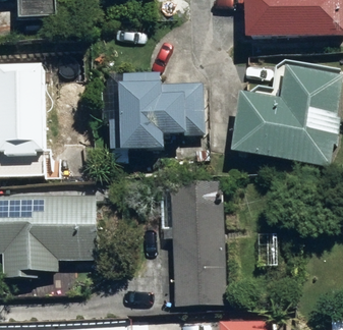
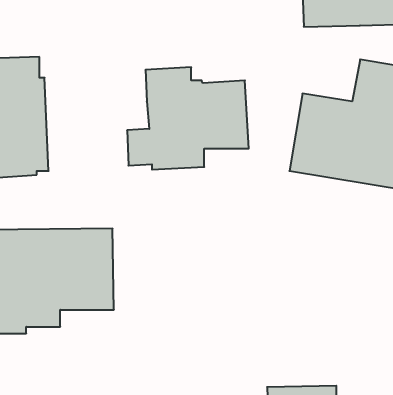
building: [166,178,224,307] -> none

